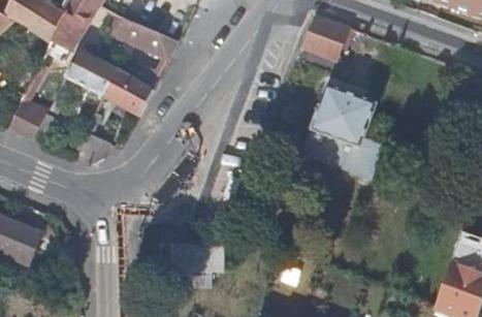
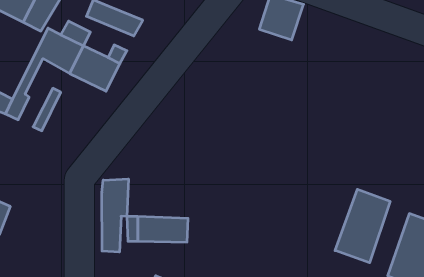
building: [300,84,384,179] -> none
building: none -> [102,179,128,252]
building: none -> [335,189,390,263]

